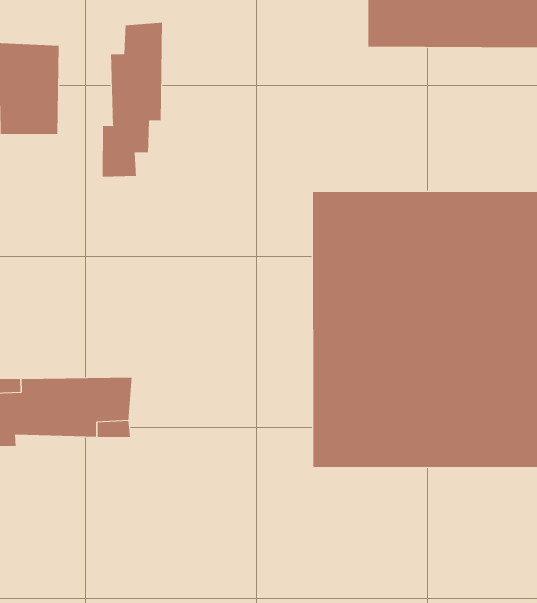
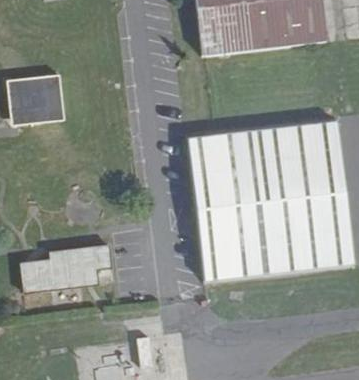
building: [102,22,163,177] -> none

